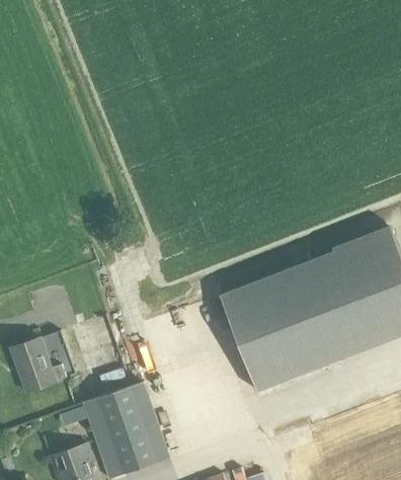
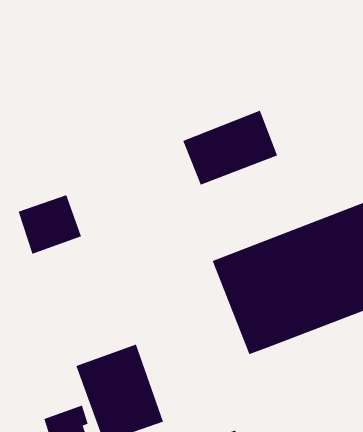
building: none -> [183,110,278,186]
building: [9,331,74,392] -> [18,195,82,255]

